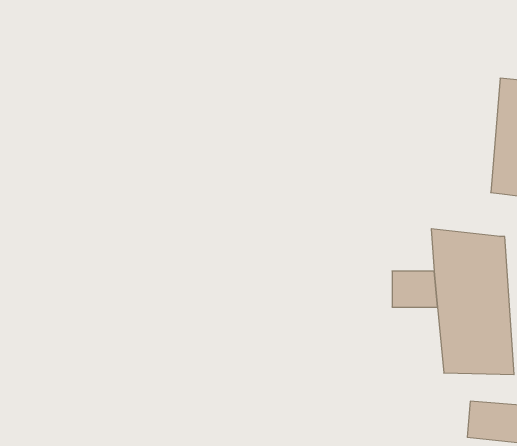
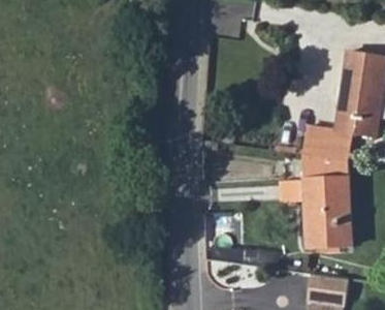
building: none -> [297,132,346,164]

